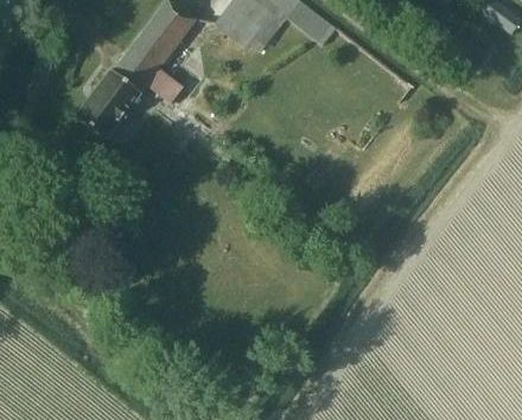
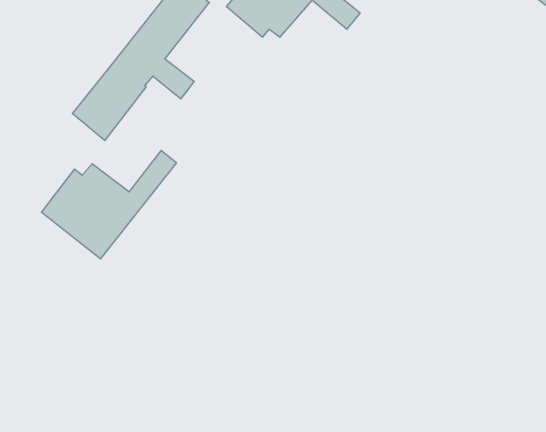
building: none -> [41,151,177,259]

